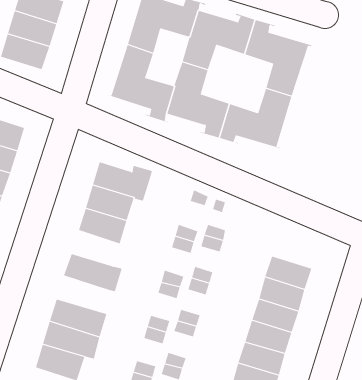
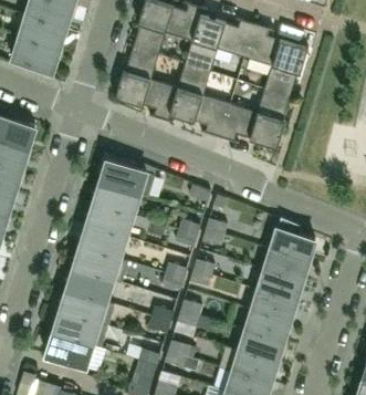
building: none -> [269,220,314,261]
building: none -> [79,225,125,259]
building: none -> [64,268,112,302]

